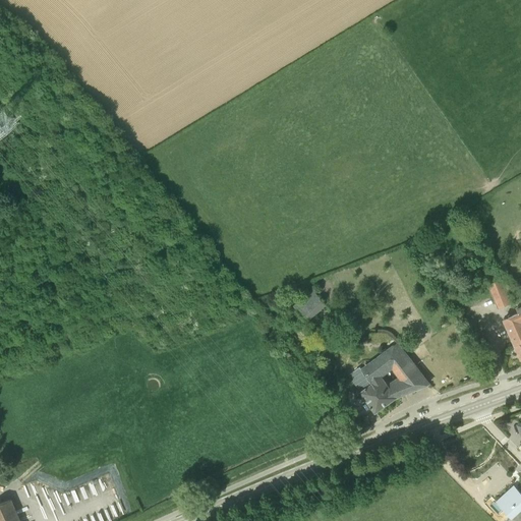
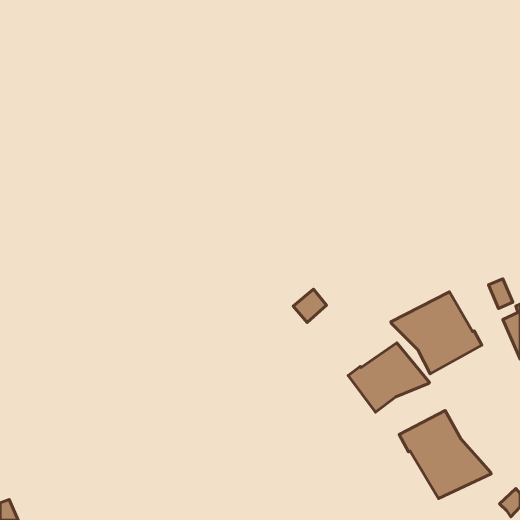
building: none -> [391,292,482,374]
building: none -> [399,410,491,499]

